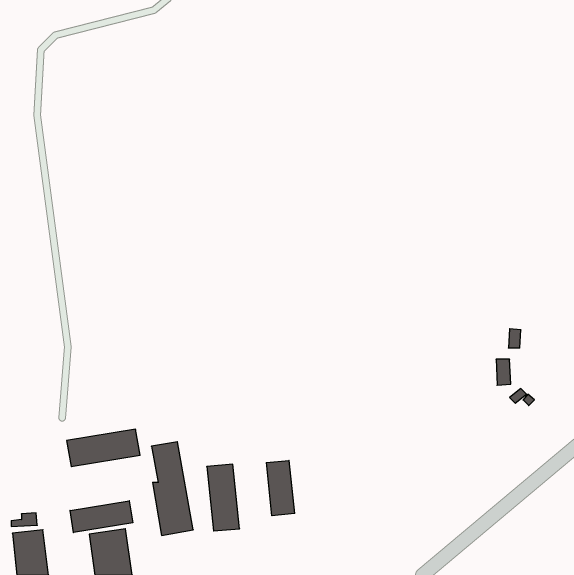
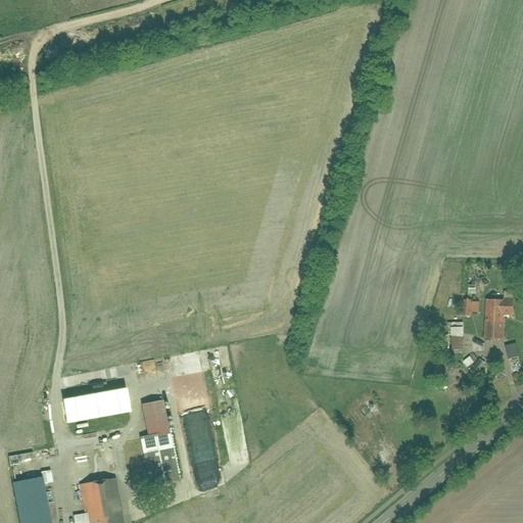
building: none -> [487,297,509,337]
building: [266,460,295,516] -> none
building: [70,501,133,533] -> none

